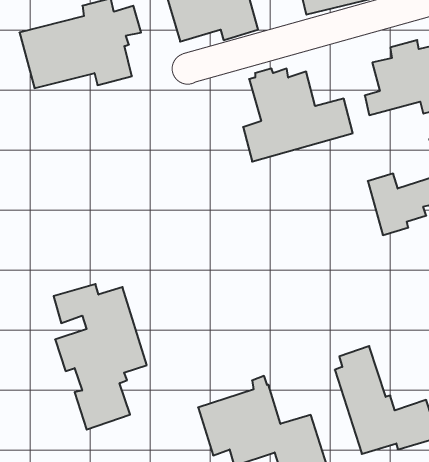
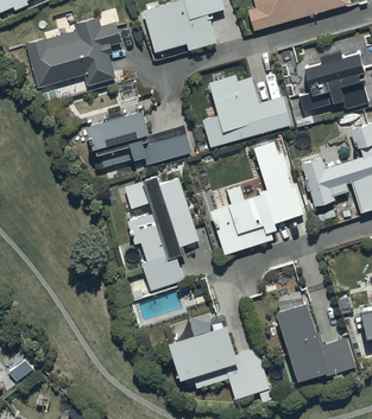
building: none -> [86,112,193,167]
building: none -> [209,140,304,258]
building: [54,284,147,430] -> [125,177,198,292]

